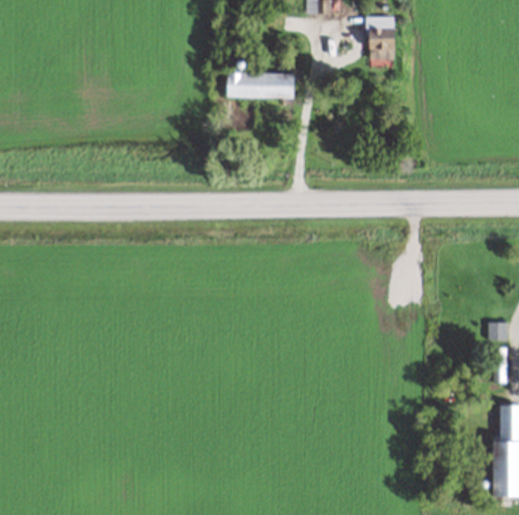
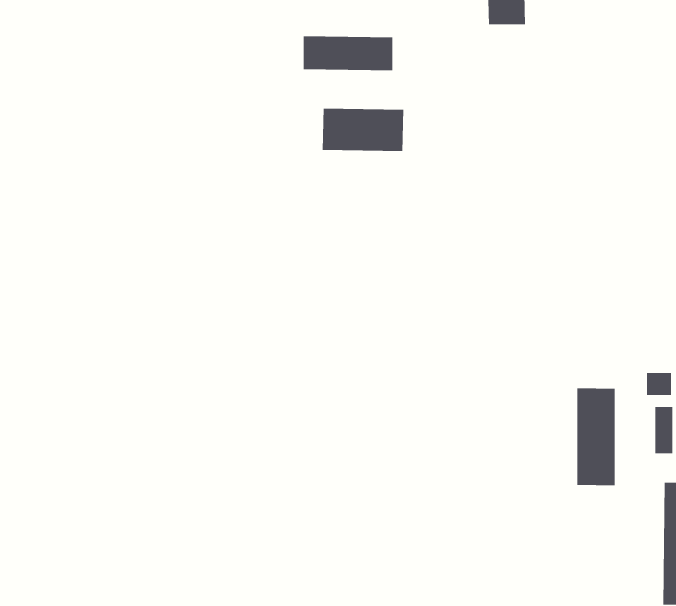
building: none -> [322,108,404,152]
building: none -> [577,388,615,486]

